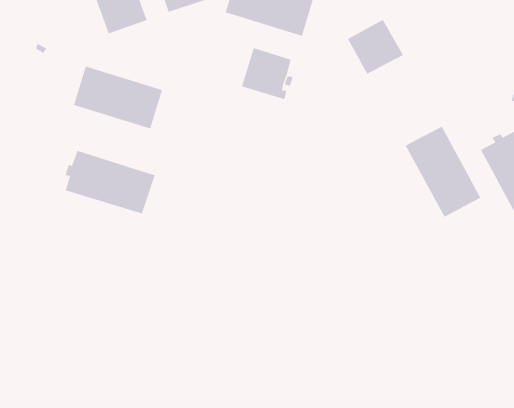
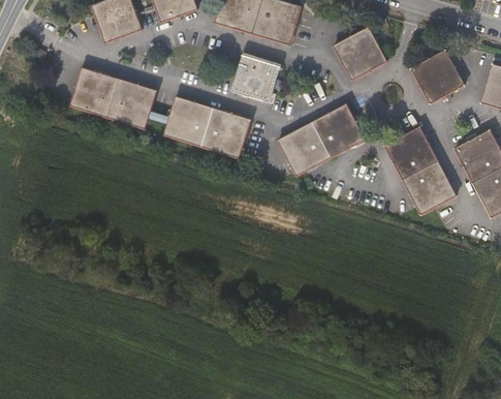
building: none -> [413,50,466,101]
building: none -> [280,103,365,174]
building: [65,150,155,214] -> [165,97,251,158]

